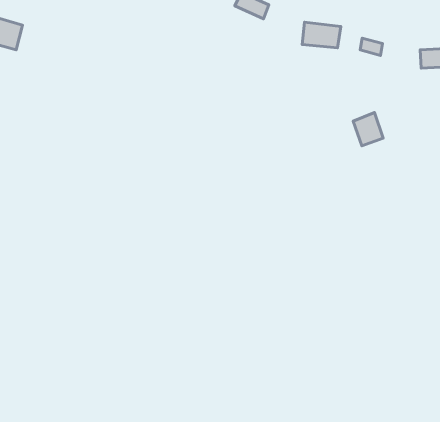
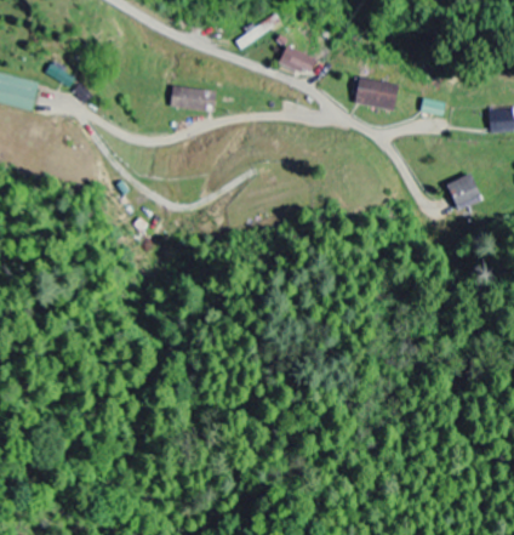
building: none -> [170,86,216,110]
building: [353,112,383,146] -> [449,173,482,211]

